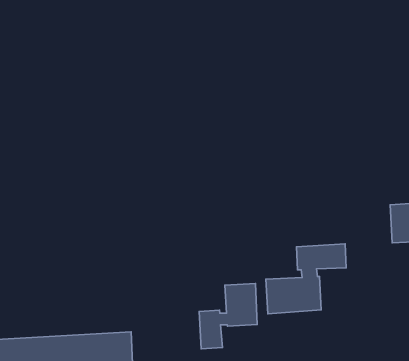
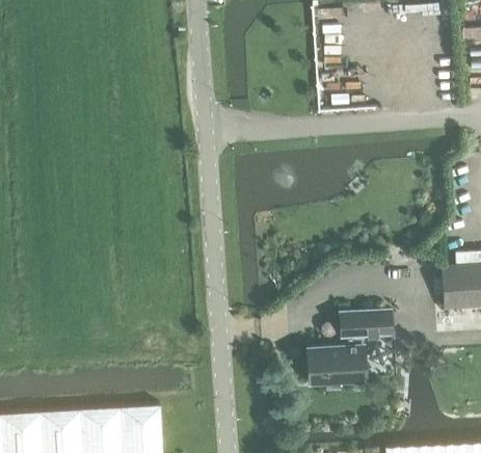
building: [199,283,257,349] -> none

